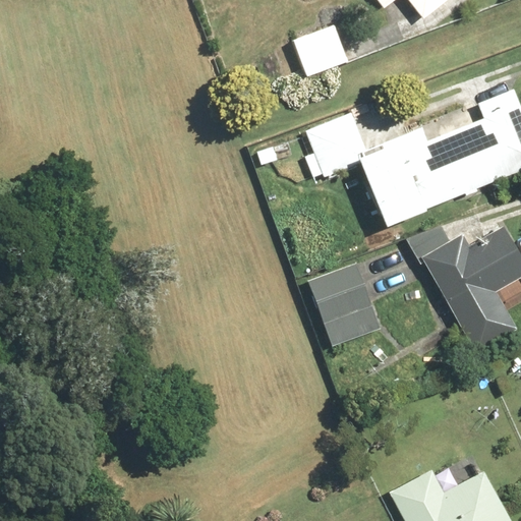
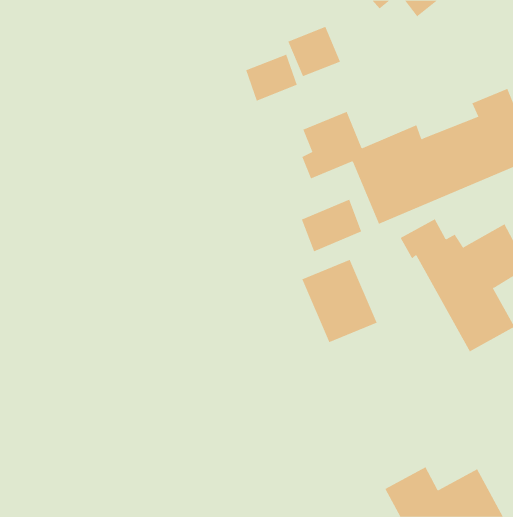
building: none -> [245,54,298,101]
building: none -> [301,199,362,252]

